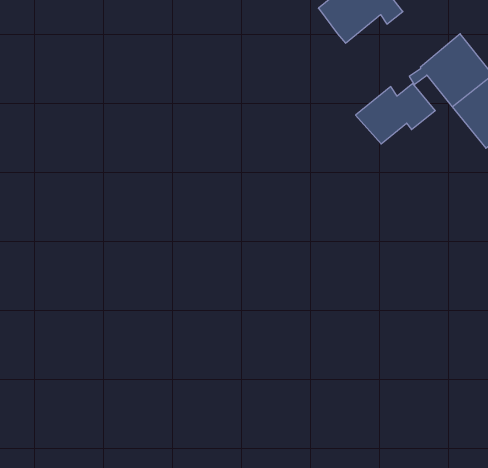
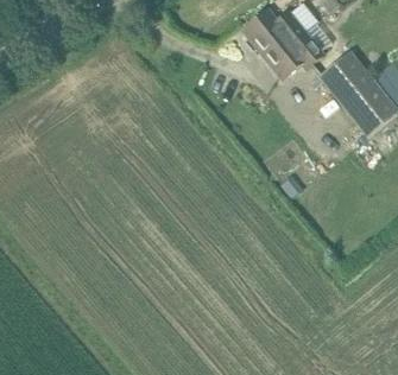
building: [356,83,435,144] -> [263,32,322,77]

